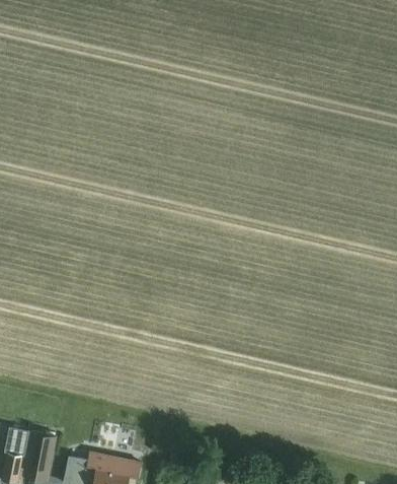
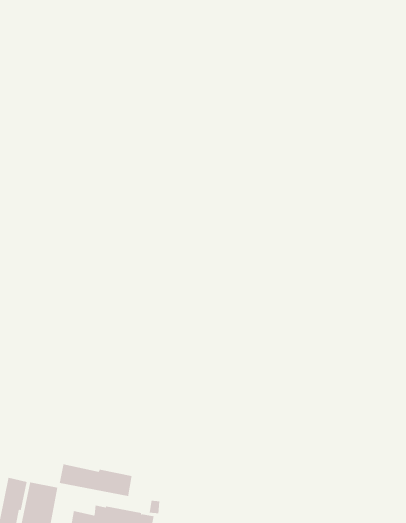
building: none -> [59,464,132,497]

